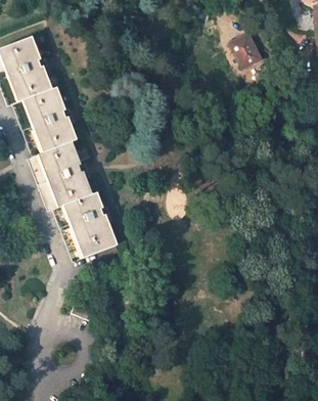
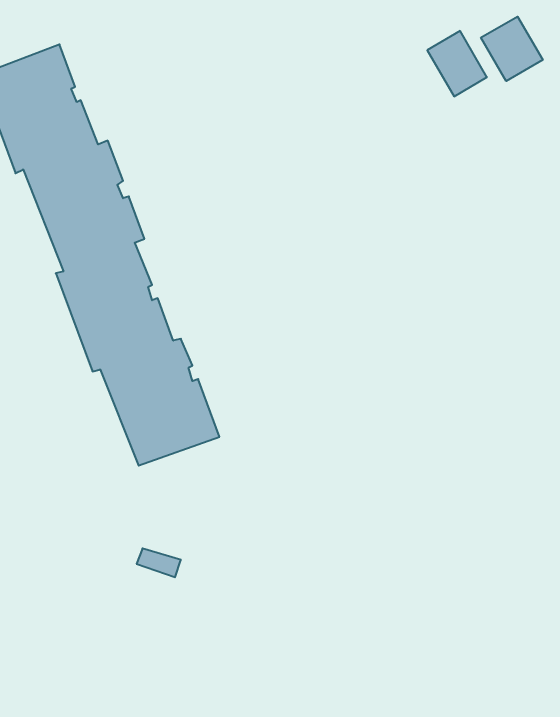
building: none -> [481,17,543,81]

